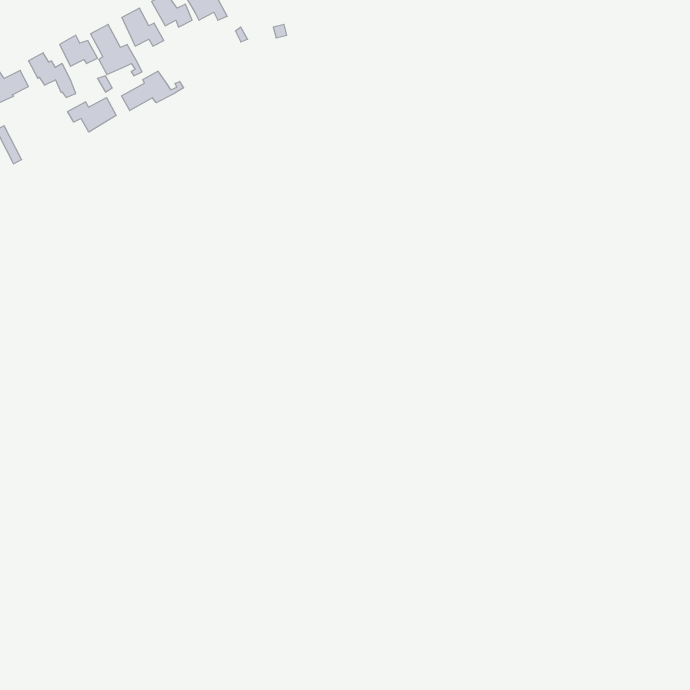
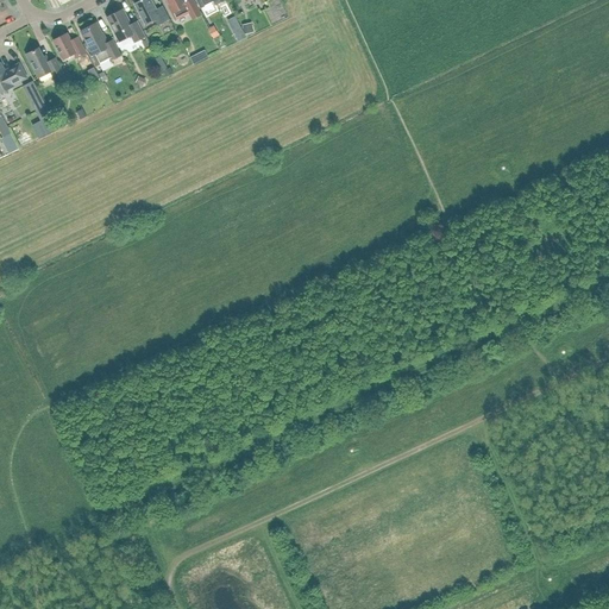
building: [122,71,184,111] -> none
building: [68,98,116,132] -> none

